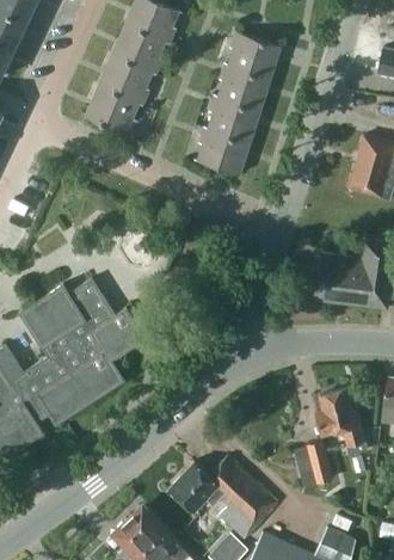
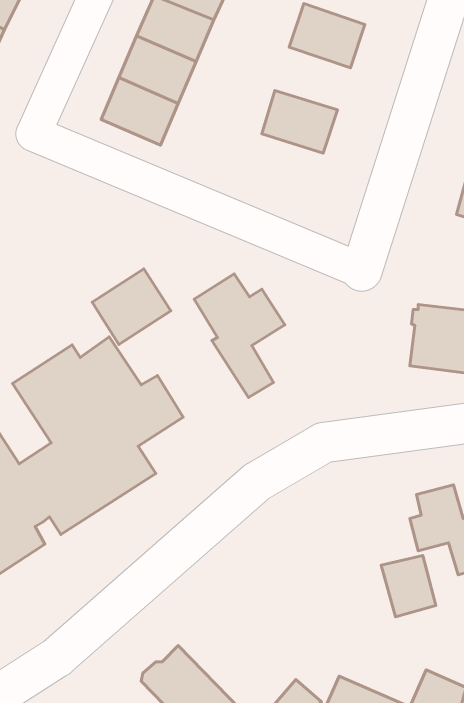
building: [214,63,270,110] -> none
building: [193,128,250,174] -> none
building: none -> [92,269,171,344]
building: none -> [194,274,285,397]
building: [168,456,277,539] -> none

